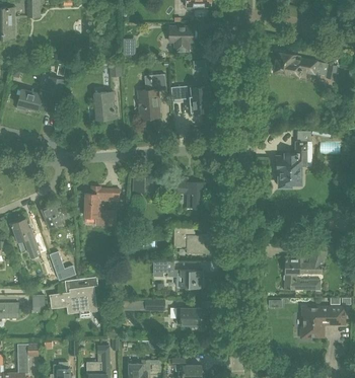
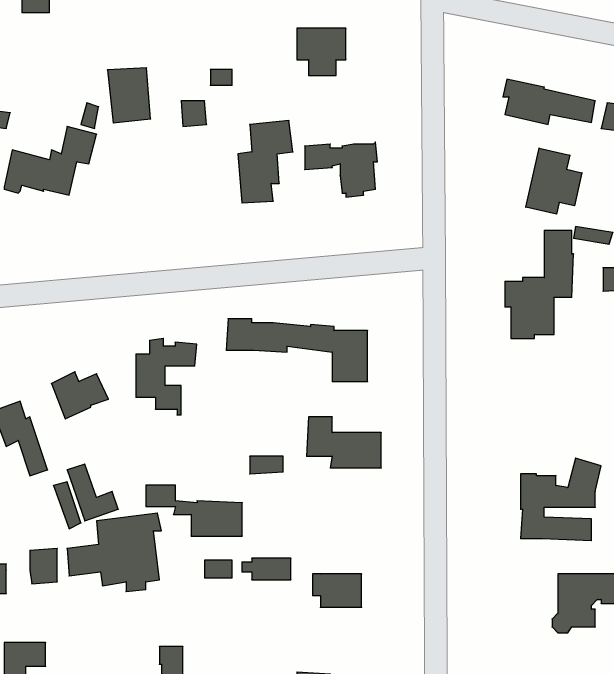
building: none -> [526,148,582,214]
building: [92,91,115,120] -> [107,68,151,123]
building: [152,260,202,287] -> [146,485,242,536]

